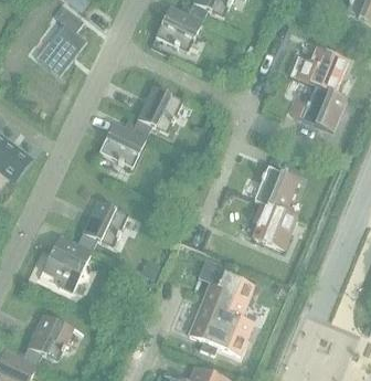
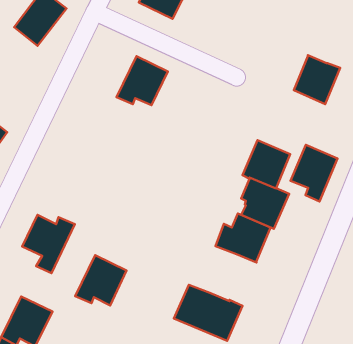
building: [296,46,347,92] -> none
building: [98,120,149,167] -> none
building: none -> [290,145,337,201]
building: [78,199,127,246] -> [75,255,127,305]
building: [202,271,254,317] -> [216,213,270,262]

